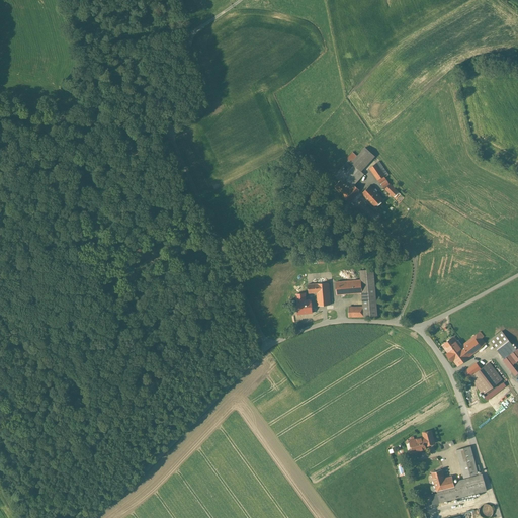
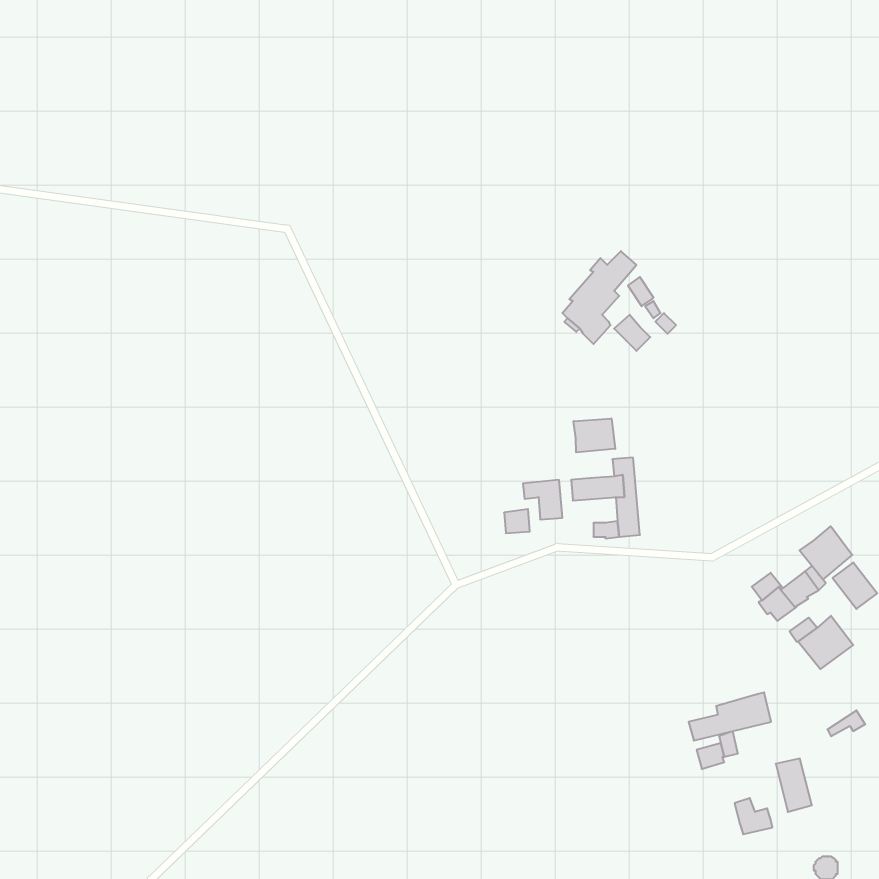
building: none -> [574,418,615,452]
building: none -> [800,526,852,579]
building: [437,473,486,502] -> [689,692,771,741]

